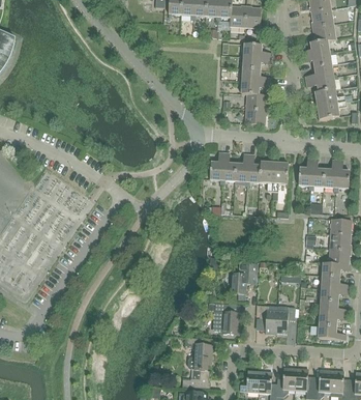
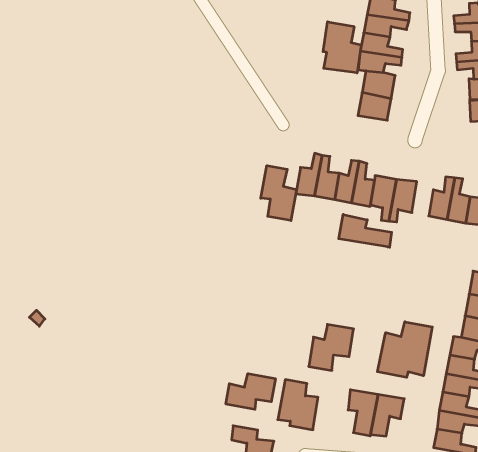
building: none -> [323,22,361,73]
building: none -> [261,166,297,221]
building: none -> [339,214,392,247]
building: none -> [377,322,432,377]
building: none -> [226,374,275,409]

